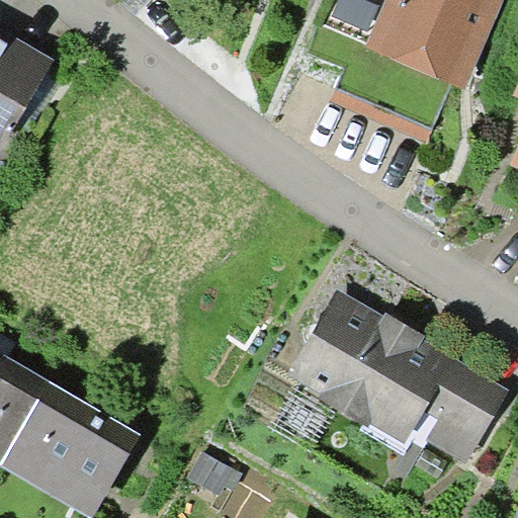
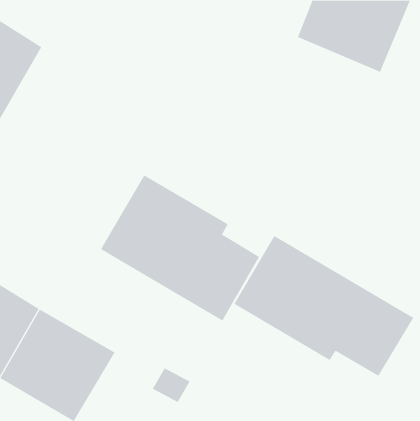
building: none -> [100,174,260,321]

